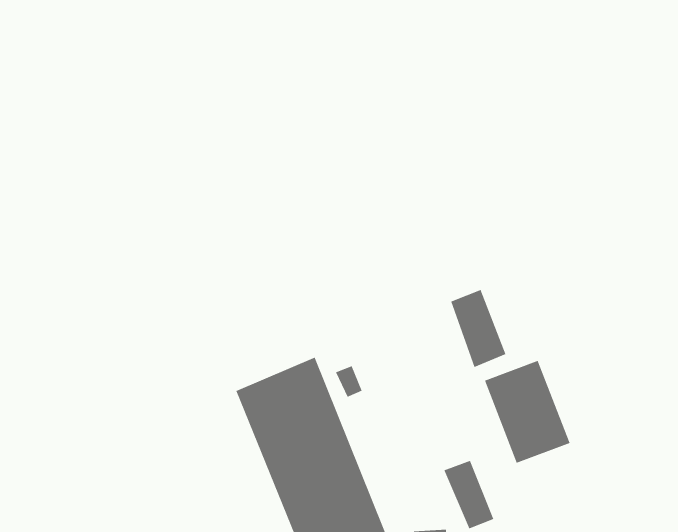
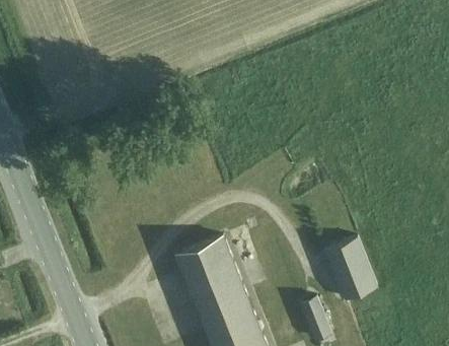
building: [450,289,506,368] -> none

